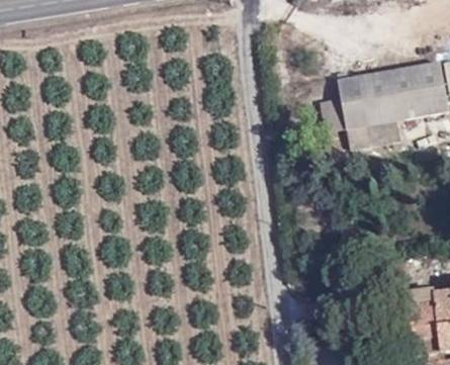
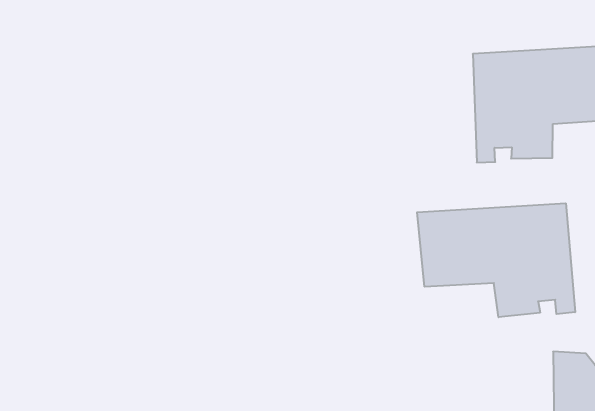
building: none -> [417,203,575,317]

